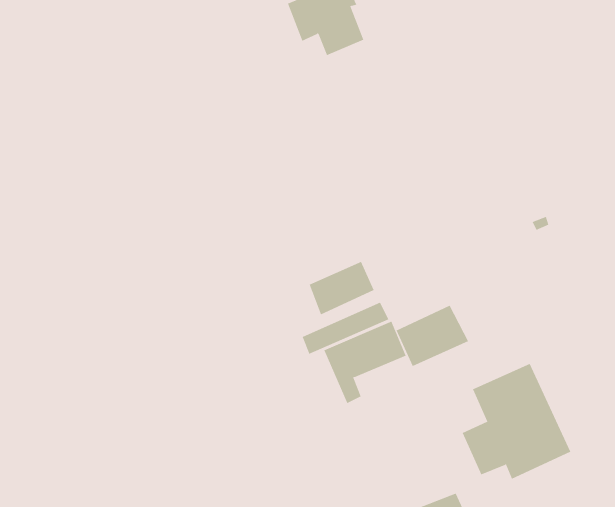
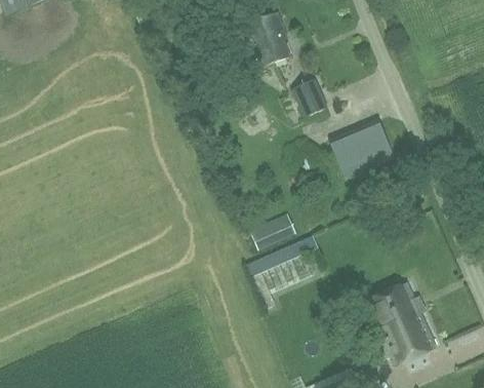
building: none -> [289,79,322,115]
building: none -> [329,117,394,178]
building: [396,305,469,367] -> none

